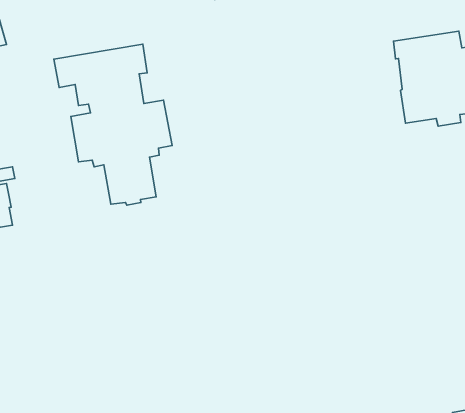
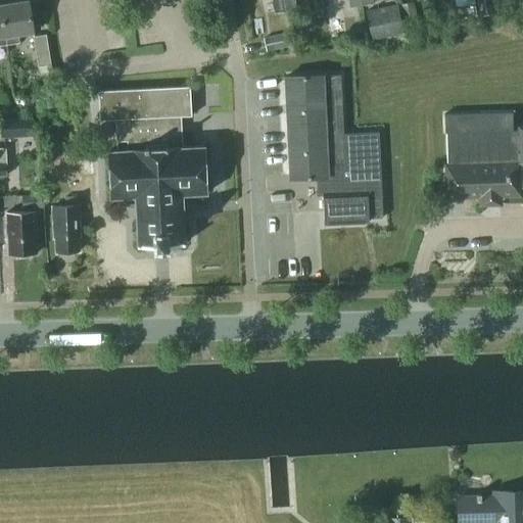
building: none -> [286,75,382,224]
building: none -> [53,204,80,252]

